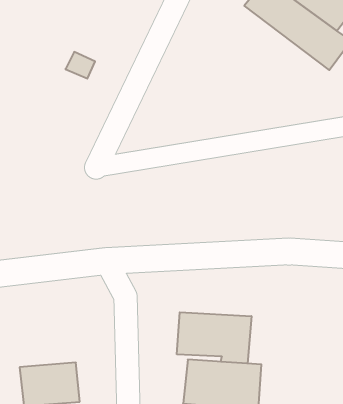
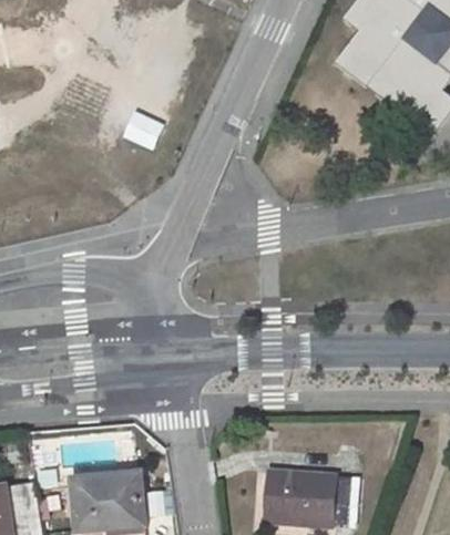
building: [177,312,251,363] -> none

